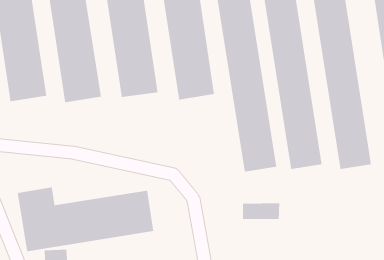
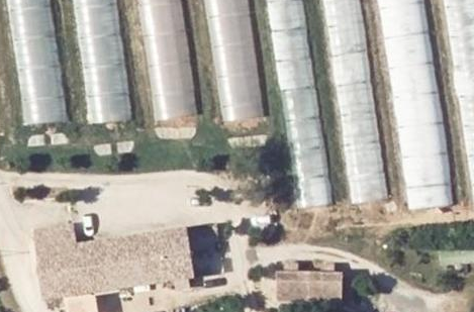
building: [242,202,280,220] -> [290,276,335,296]

